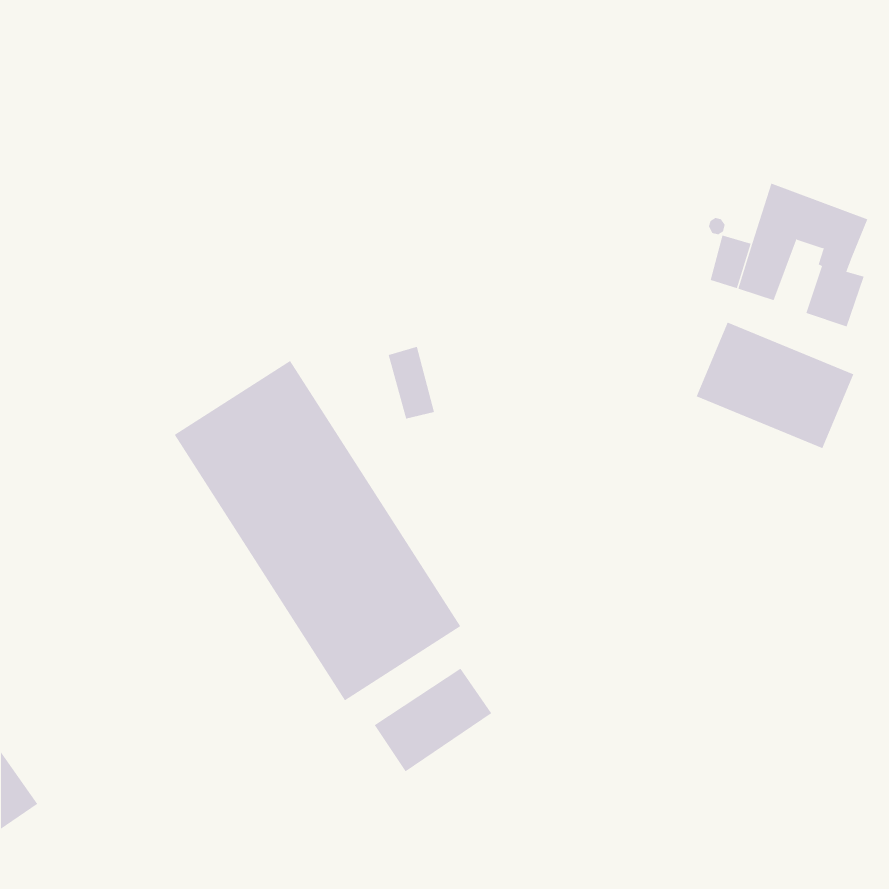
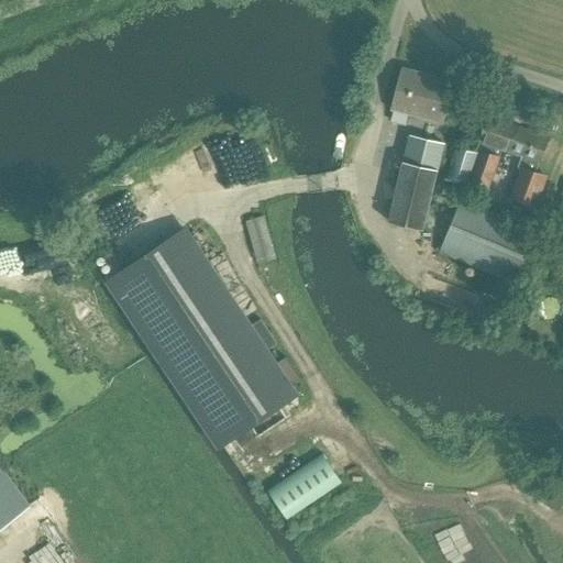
building: none -> [391,69,451,123]
building: none -> [388,136,442,230]
building: [374,668,492,772] -> [267,454,342,520]

